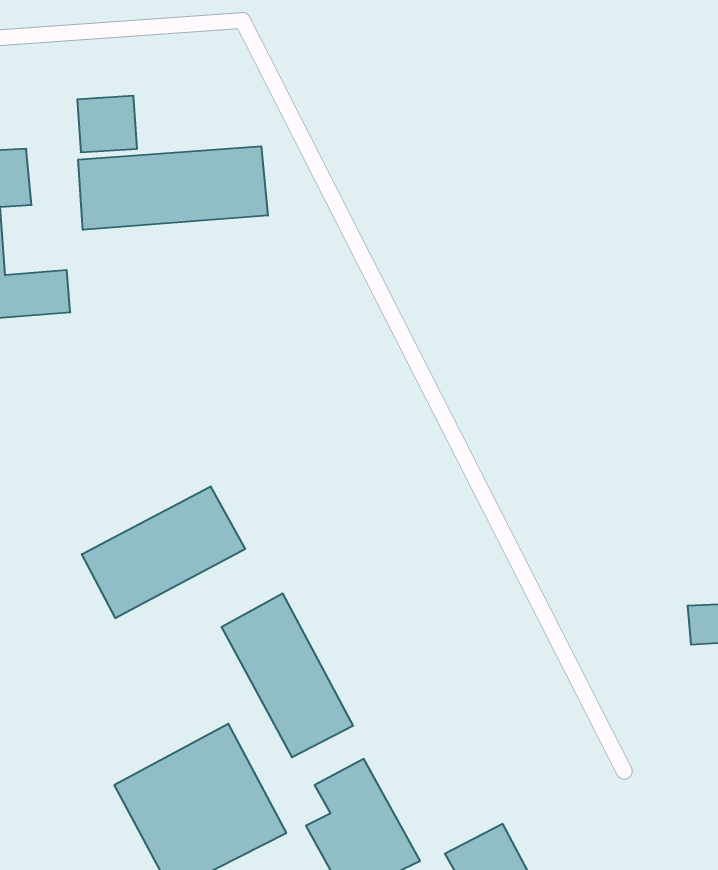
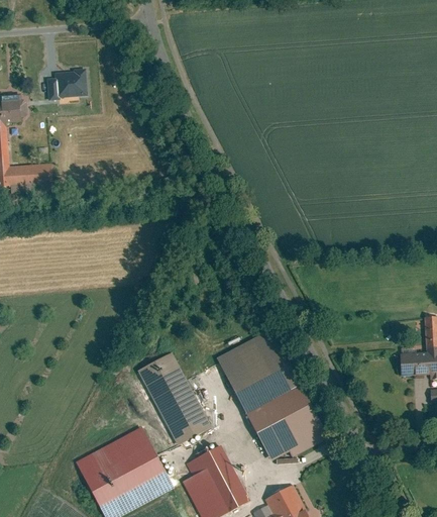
building: [78,146,268,230] -> none
building: [82,486,245,618] -> none
building: none -> [218,330,325,460]

